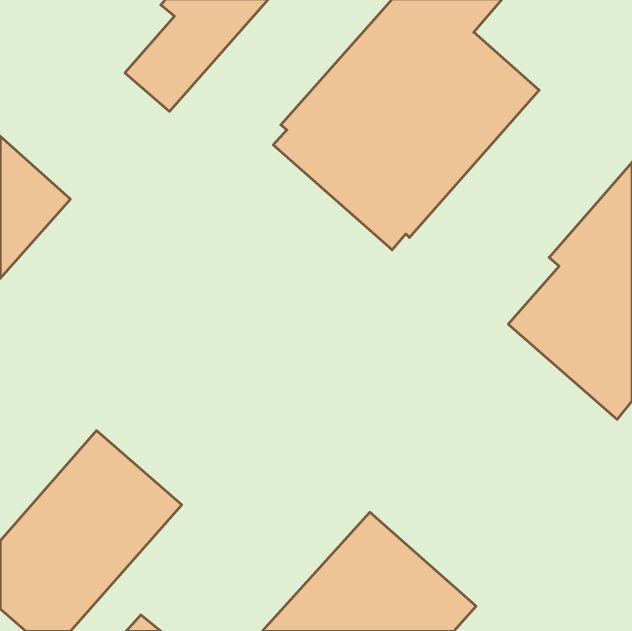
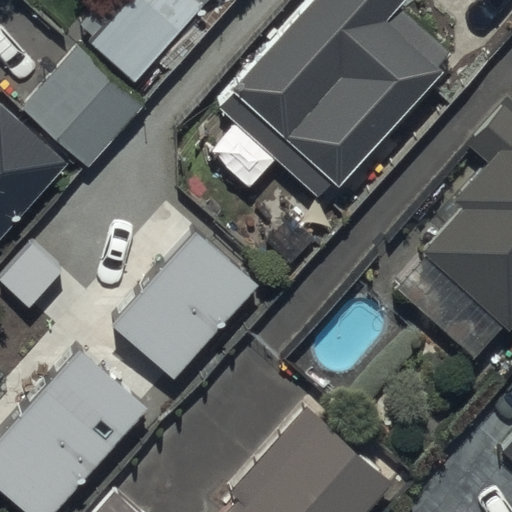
building: none -> [29,59,142,172]
building: none -> [114,230,259,379]

